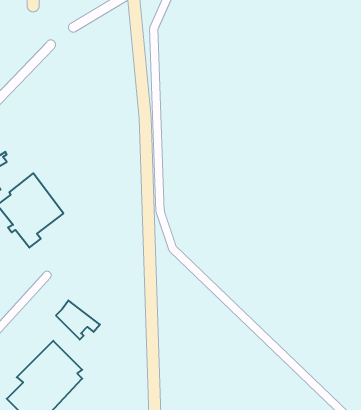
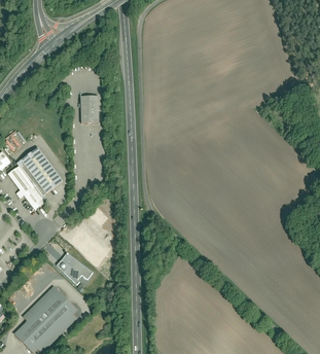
building: none -> [80,95,99,121]

